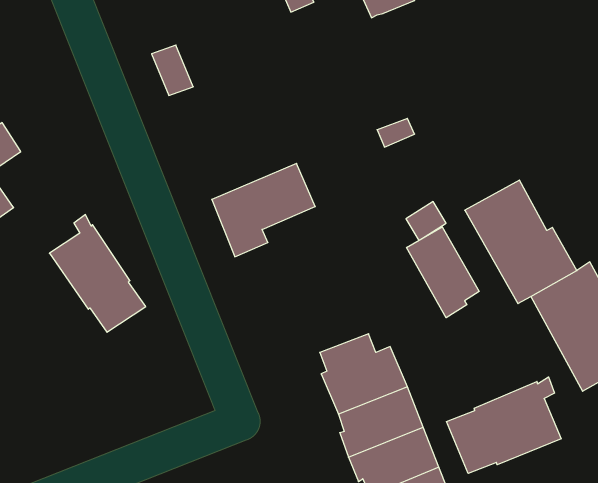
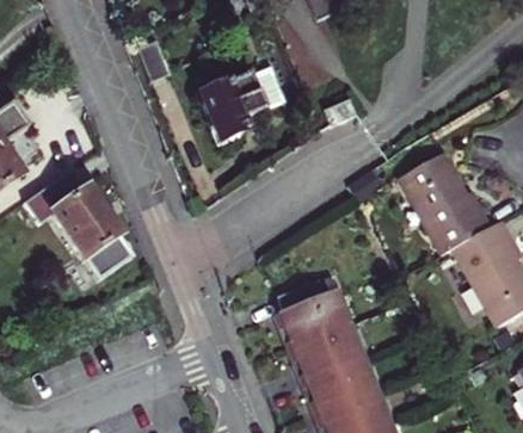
building: [212,163,315,257] -> [201,64,287,142]
building: [407,227,479,318] -> none
building: [446,377,561,473] -> none

